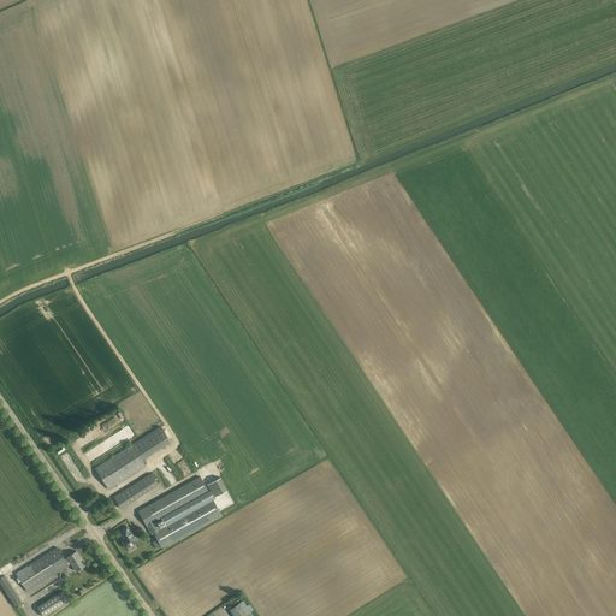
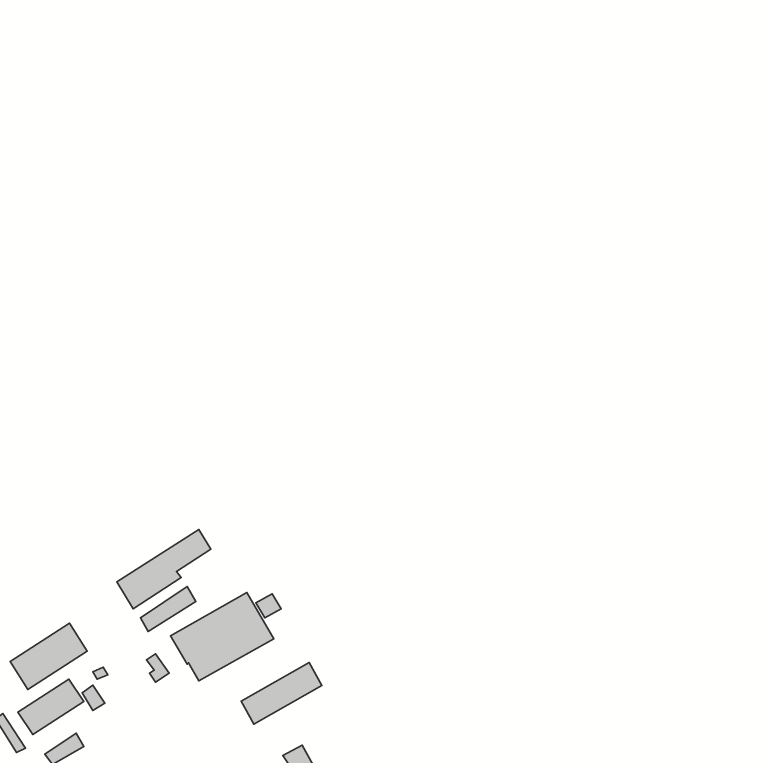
building: none -> [10,623,87,689]
building: none -> [241,663,322,724]

